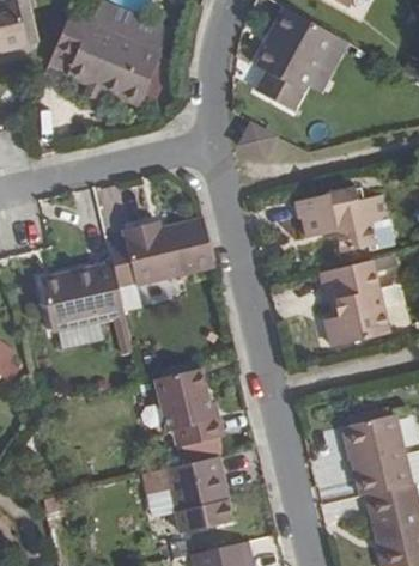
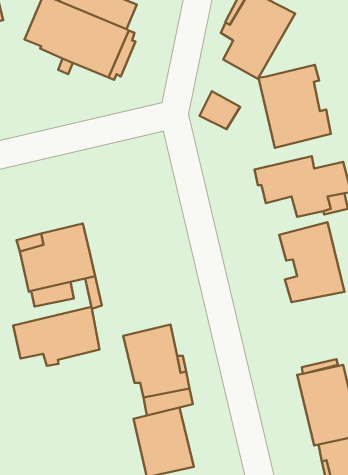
building: none -> [258,65,331,148]
building: [109,218,215,291] -> none
building: none -> [13,307,100,366]

